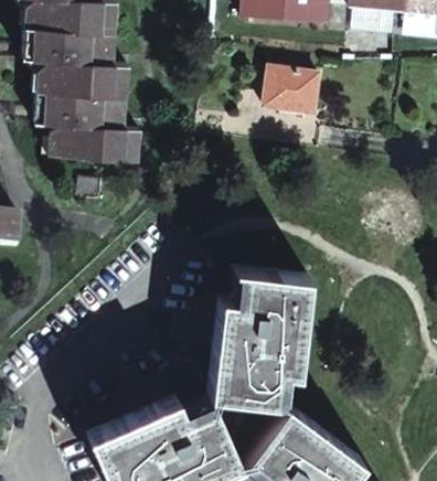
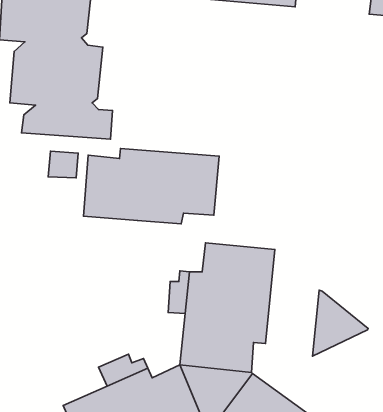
building: [265,66,321,114] -> none
building: none -> [84,148,219,224]
building: none -> [312,290,368,356]

